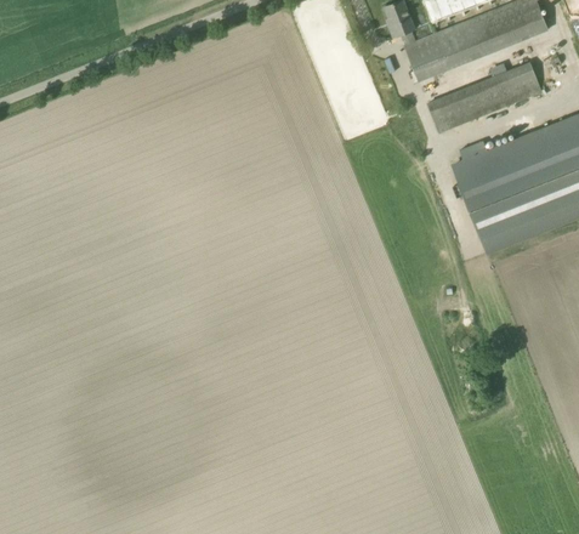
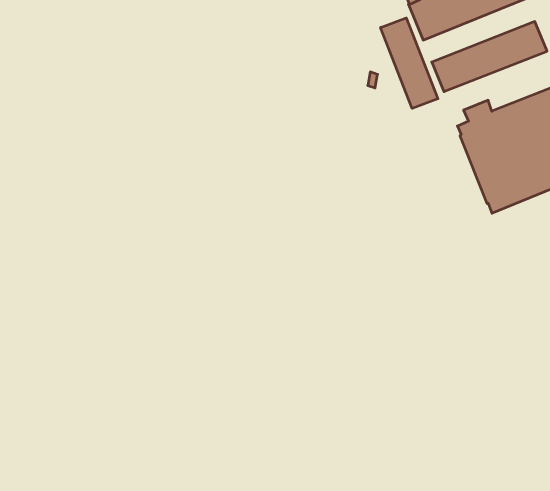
building: none -> [381,18,438,108]

